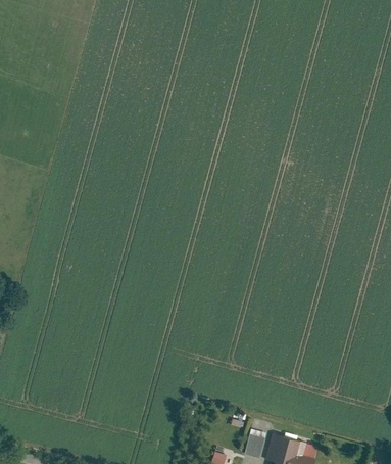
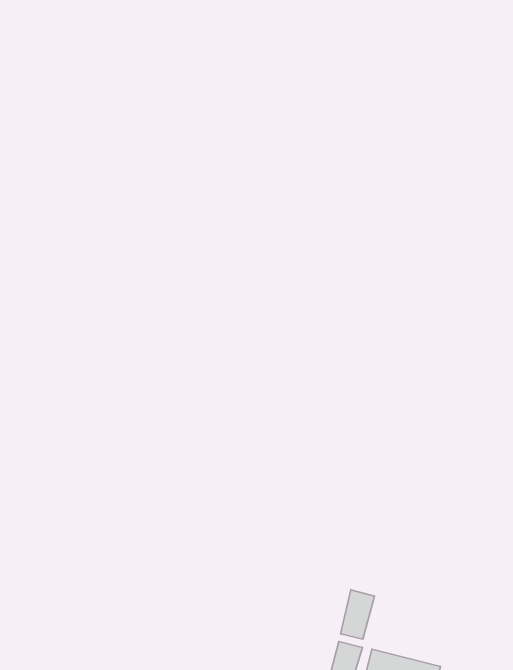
building: none -> [340,590,374,639]

